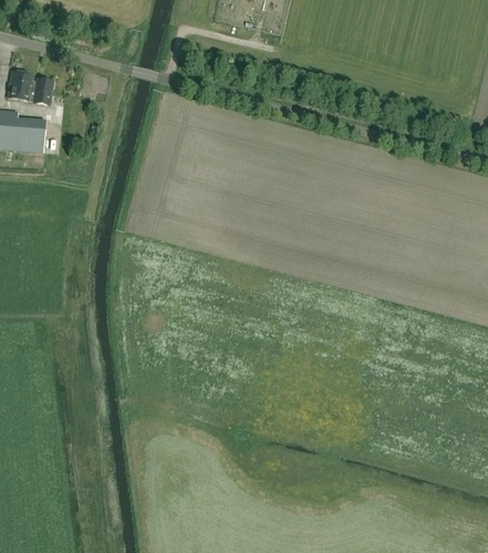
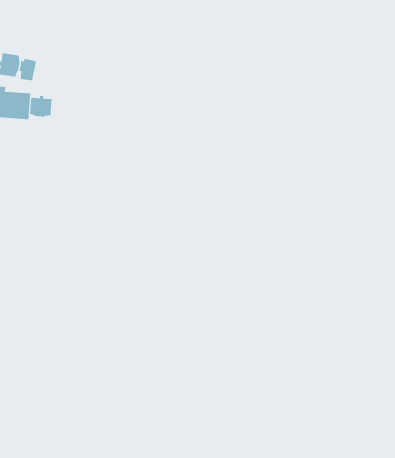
building: none -> [30,95,52,117]

